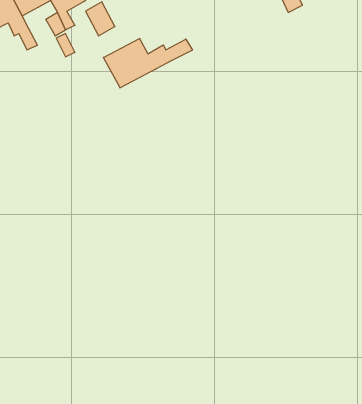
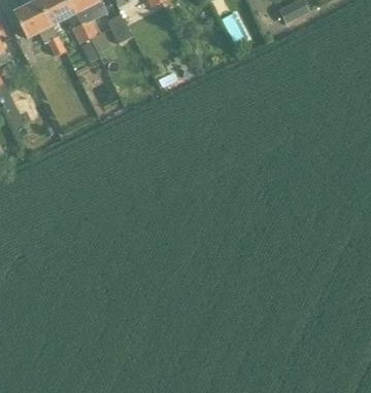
building: [103,38,192,88] -> none

